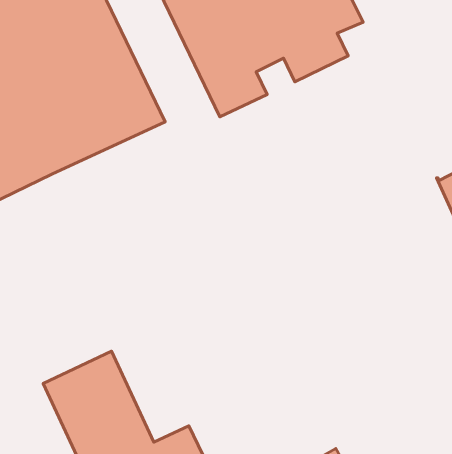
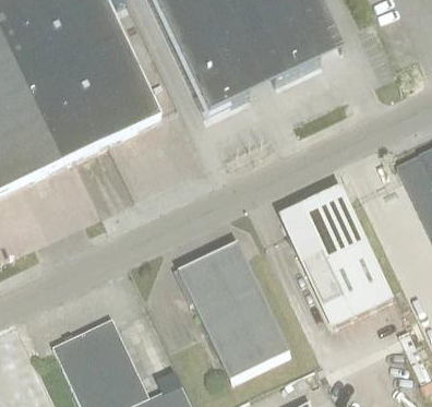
building: none -> [284,192,392,323]
building: none -> [180,242,290,379]

